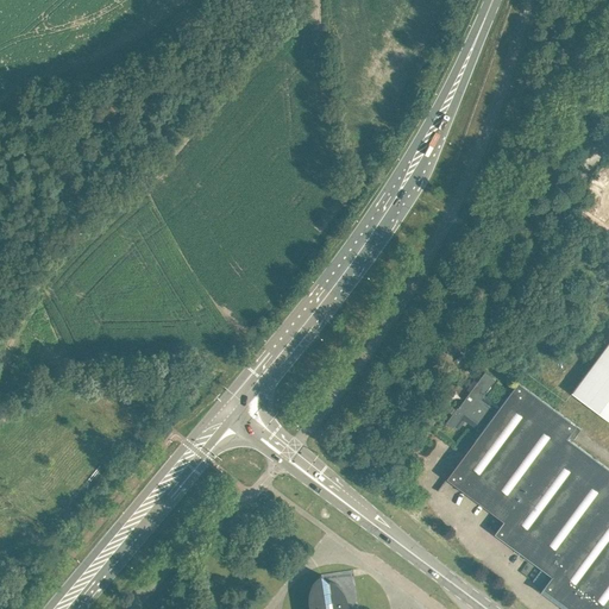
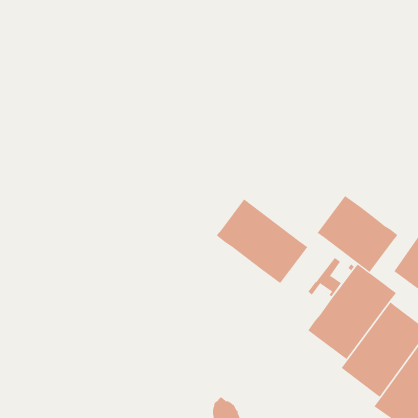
building: none -> [317,195,398,273]
building: none -> [216,199,308,284]

